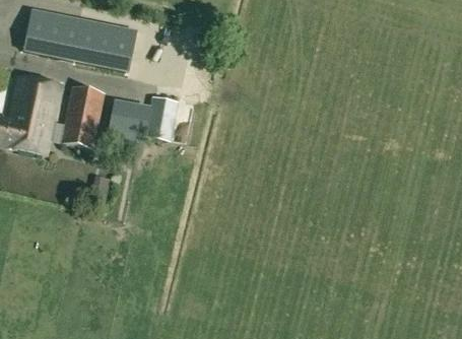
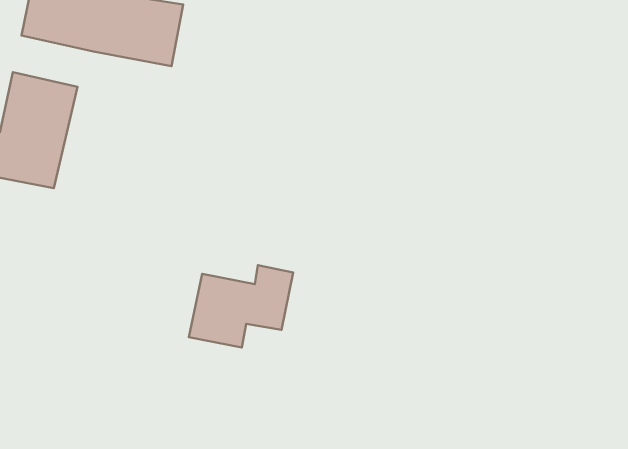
building: [61,84,106,146] -> none
building: [105,94,177,151] -> [189,265,293,347]

